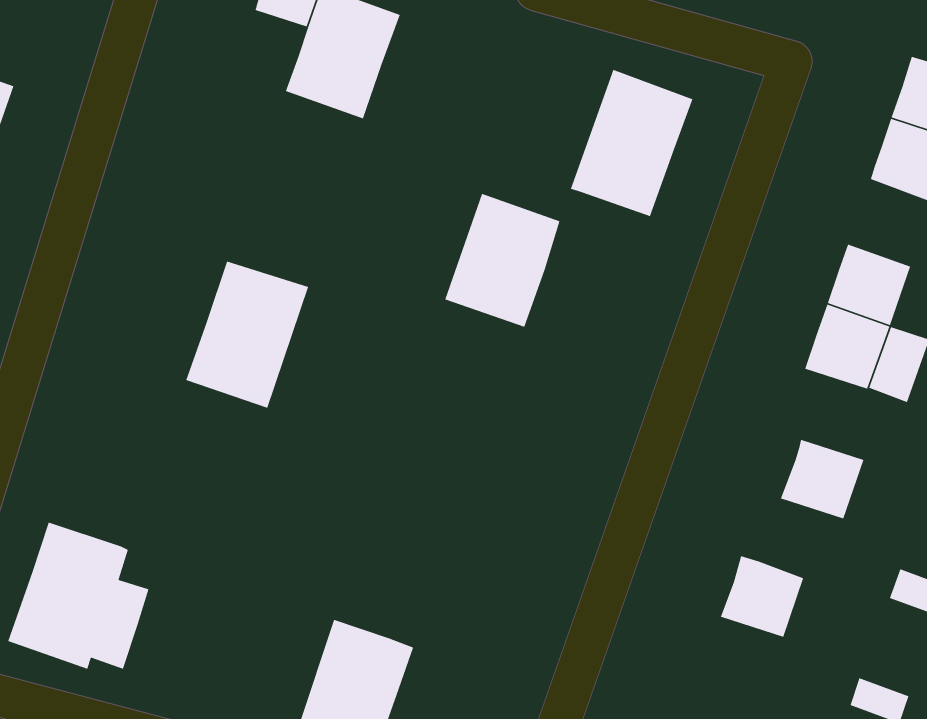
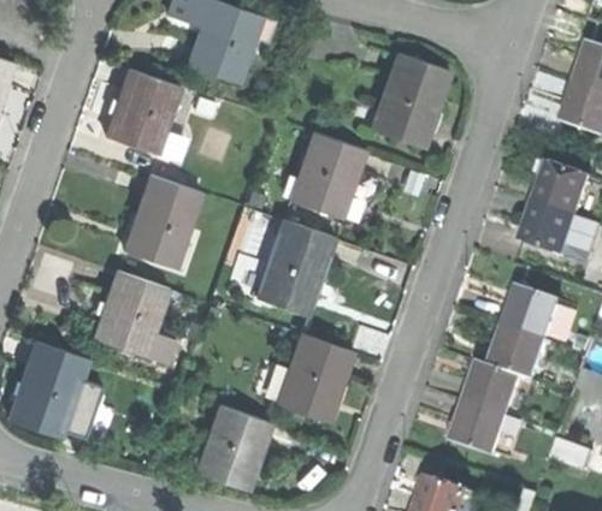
building: none -> [105,69,181,154]
building: none -> [256,220,335,315]
building: none -> [94,271,176,364]
building: none -> [491,327,545,381]
building: none -> [277,334,352,420]
building: none -> [453,403,507,457]

